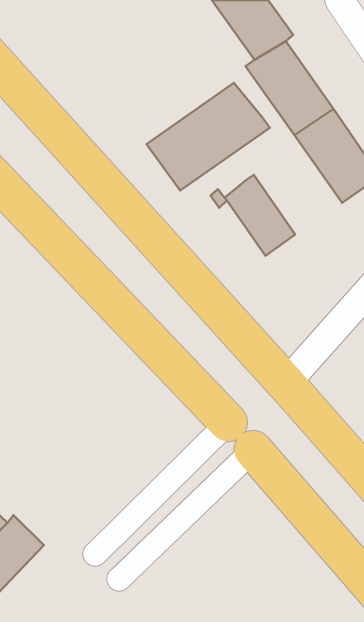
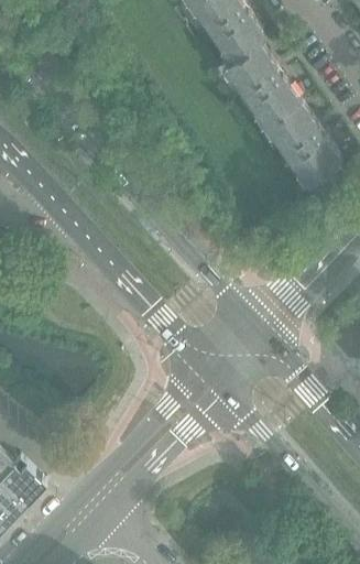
building: [146,83,270,191] -> none
building: [225,175,295,256] -> none

